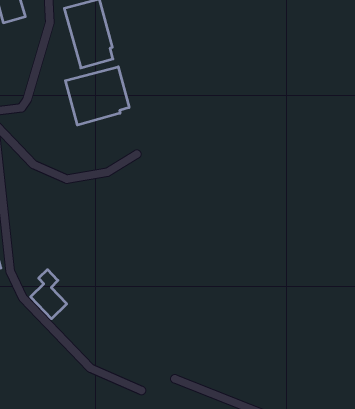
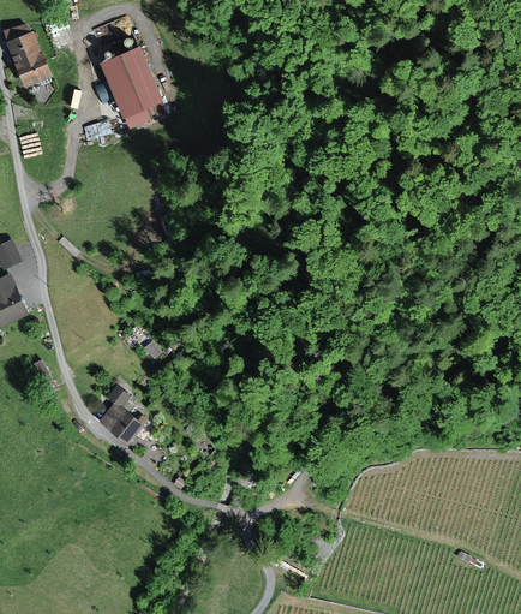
building: [65,67,129,125] -> none

